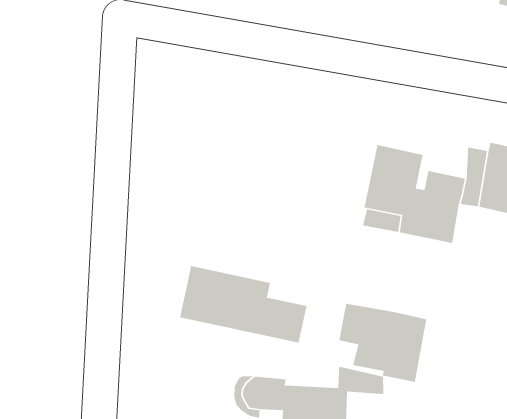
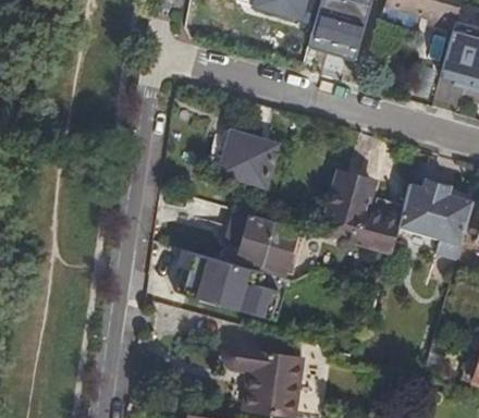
building: none -> [207,130,278,185]
building: [339,303,427,383] -> [229,211,297,276]

